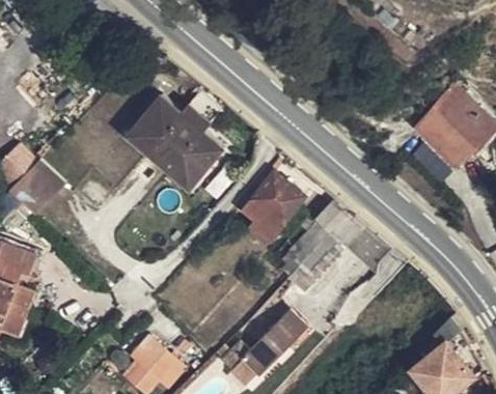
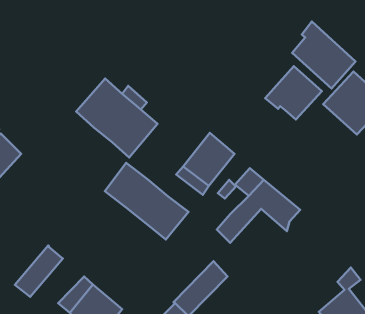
building: none -> [292,22,356,89]
building: none -> [265,66,322,120]
building: none -> [105,163,188,240]
building: none -> [15,246,63,297]

